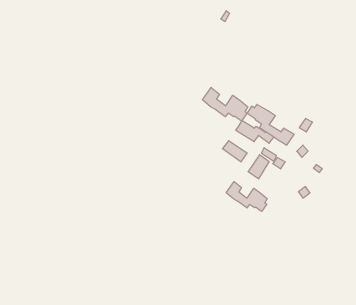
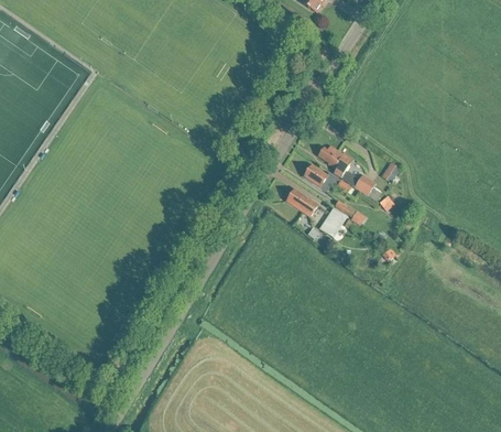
building: [202,87,248,121] -> none
building: [226,182,267,211] -> none

